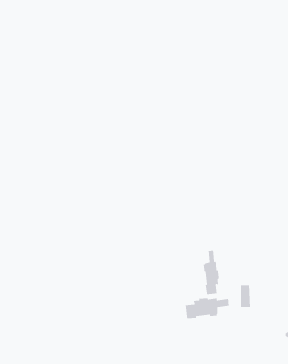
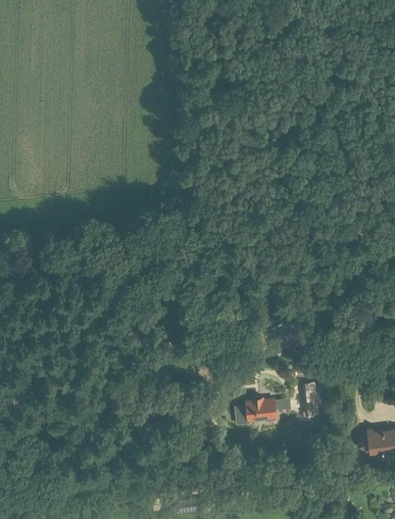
building: [203,250,220,295] -> none

